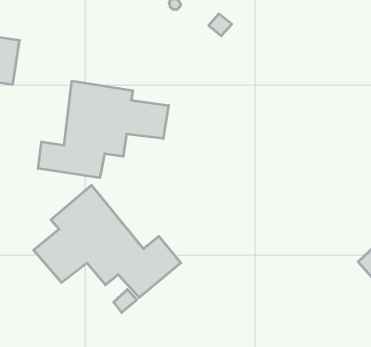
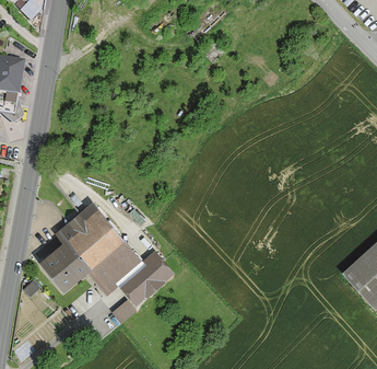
building: [38,81,169,178] -> none

